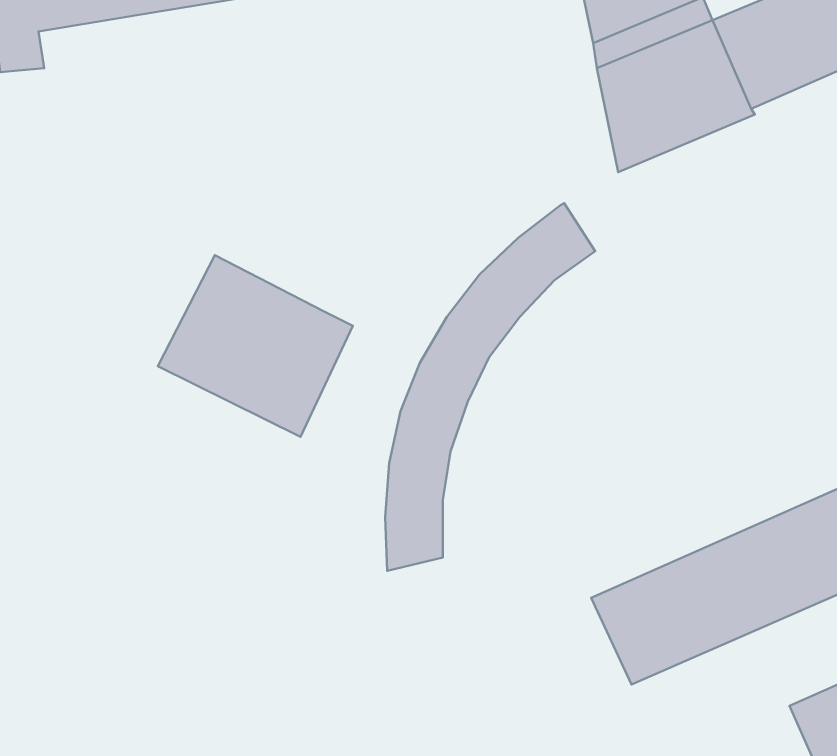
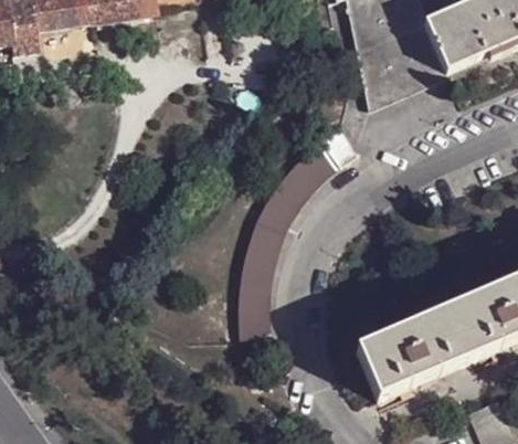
building: [158,255,353,437] -> none

